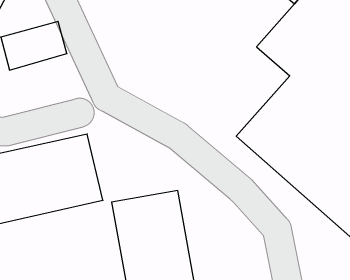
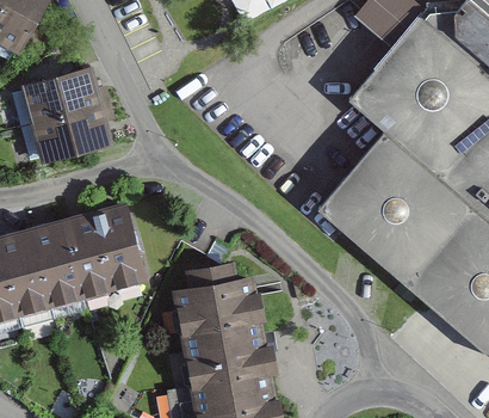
building: none -> [37,106,118,166]

